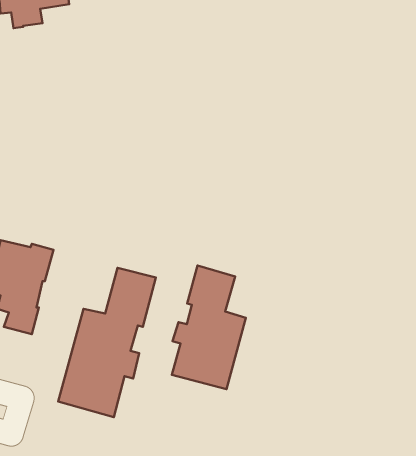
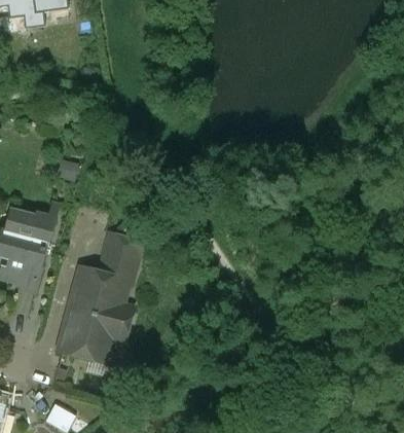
building: [172,266,246,389] -> none

